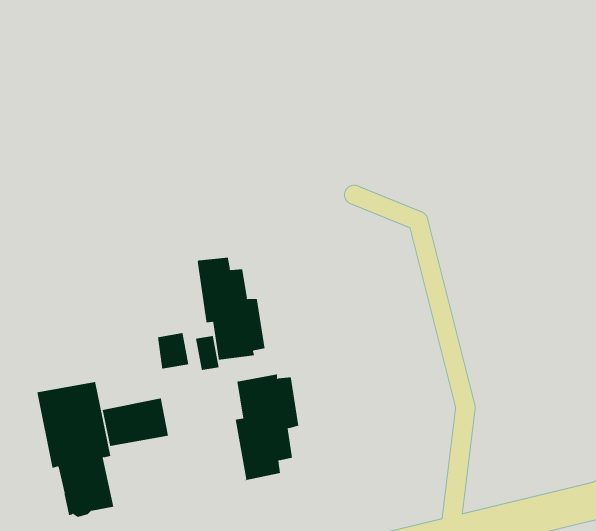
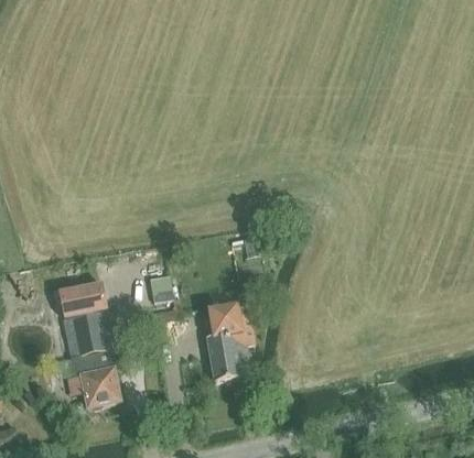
building: [196,257,265,360] -> none
building: [102,398,169,447] -> [57,282,106,317]

